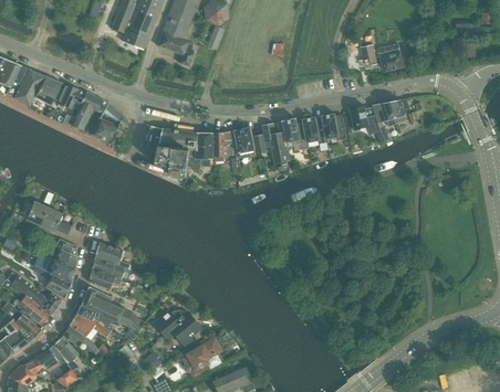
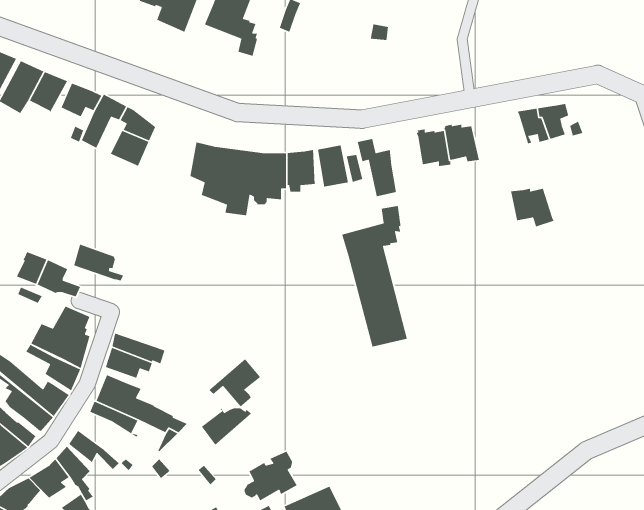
building: [361,44,405,71] -> none
building: [351,106,382,134] -> [510,188,555,228]
building: [277,118,309,150] -> none
building: none -> [341,205,408,348]
building: [94,242,129,268] -> [73,243,124,282]
building: [69,312,110,337] -> none
building: [164,314,200,348] -> [209,358,261,408]

